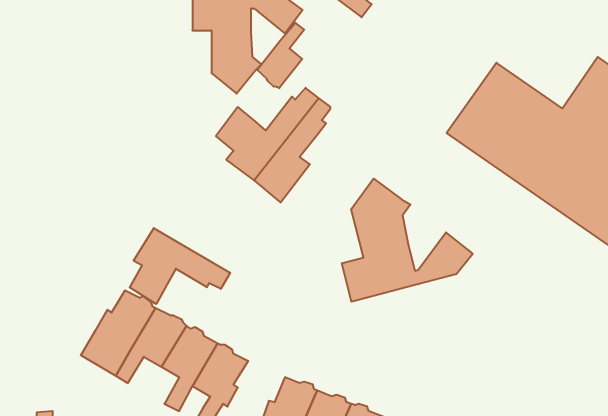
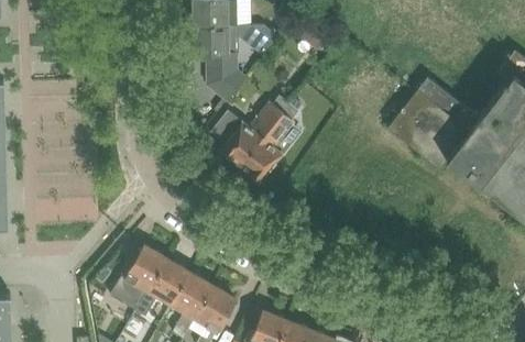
building: [257,23,304,88] -> none
building: [342,179,473,302] -> none
building: [130,228,230,304] -> none

